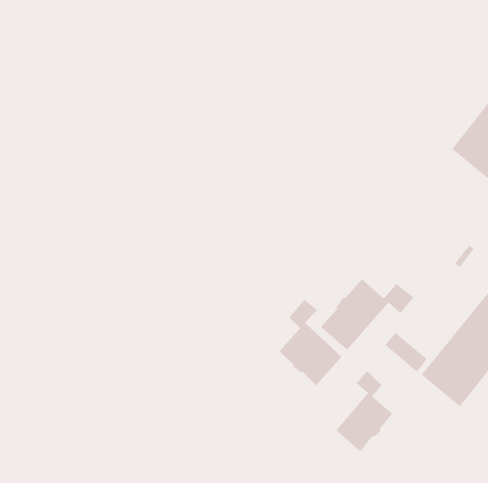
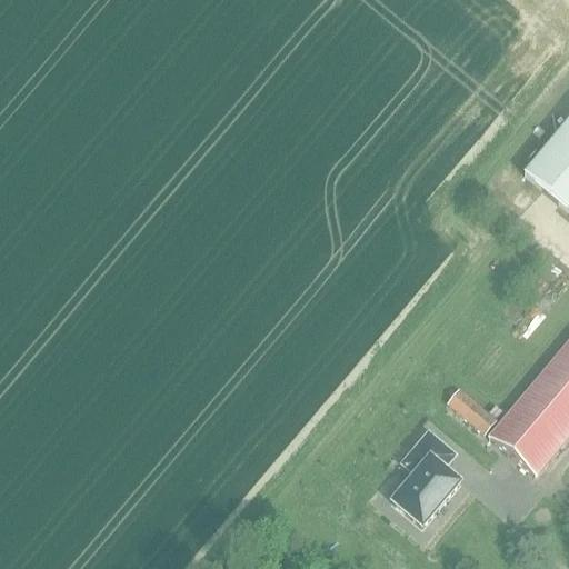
building: [320,279,414,350] -> none
building: [279,299,342,386] -> none

